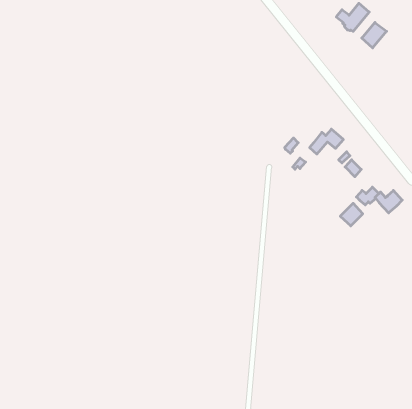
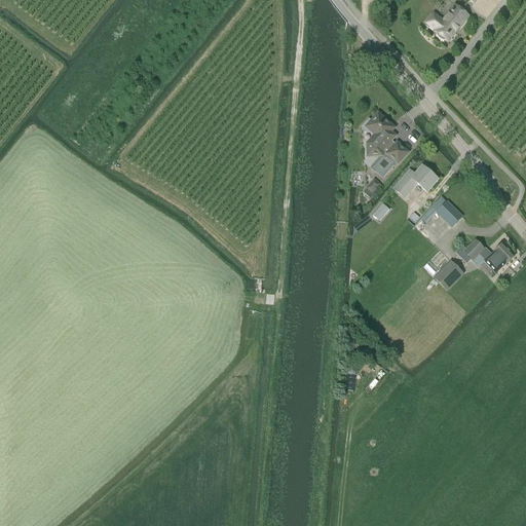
building: [362,22,387,48] -> none
building: none -> [363,112,408,176]

